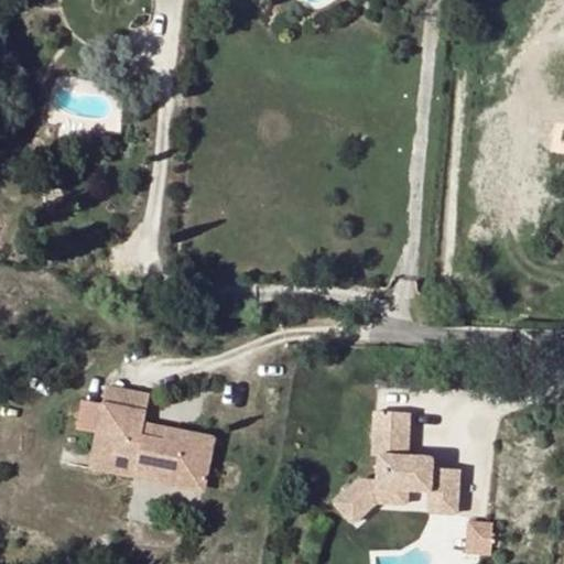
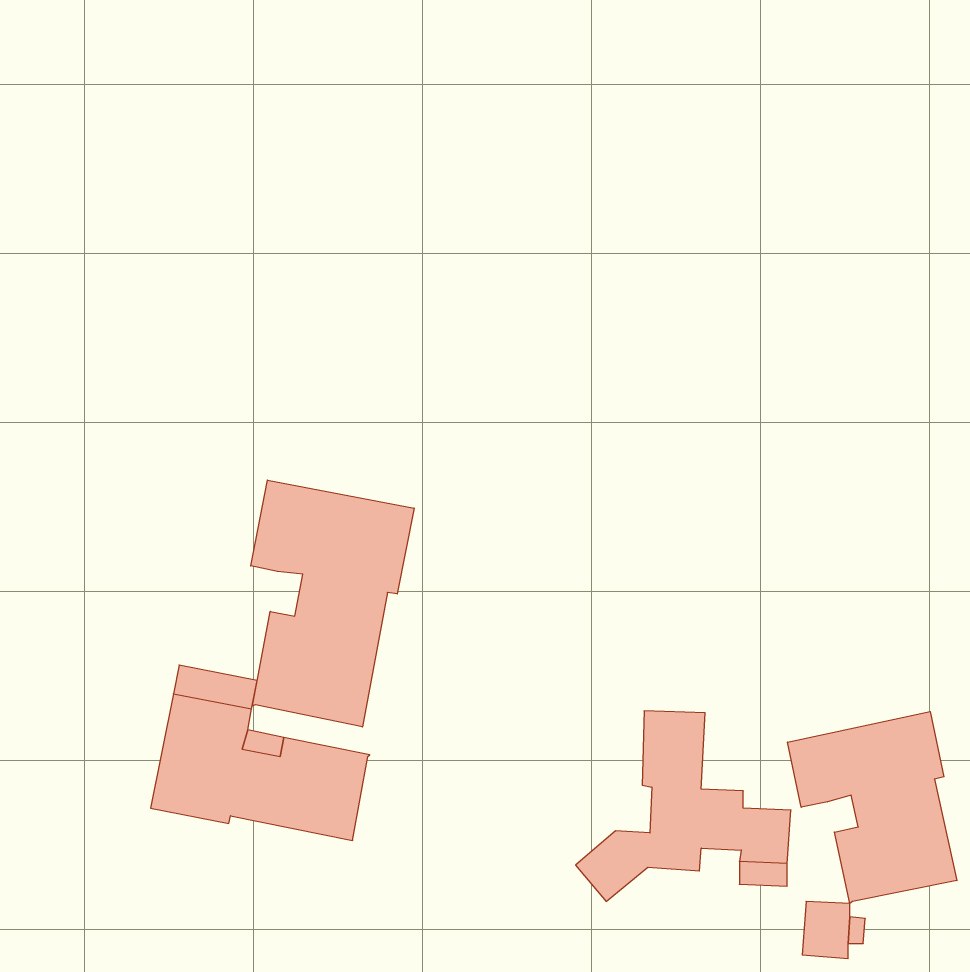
building: none -> [251,480,414,727]
building: none -> [788,712,957,903]

